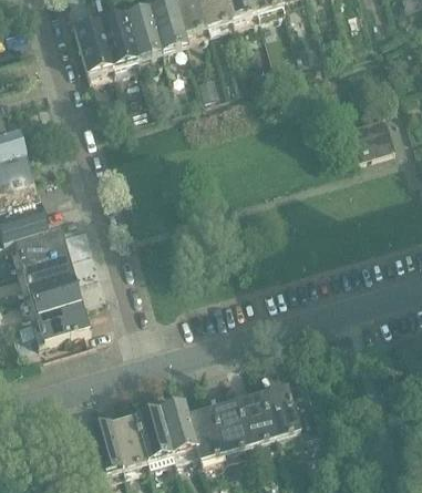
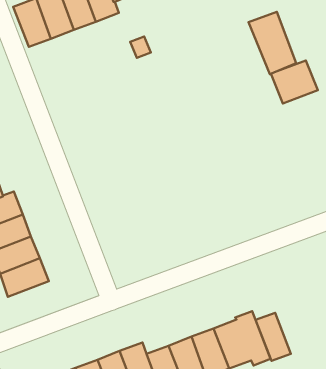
building: none -> [249,12,296,74]
building: none -> [256,313,291,361]

